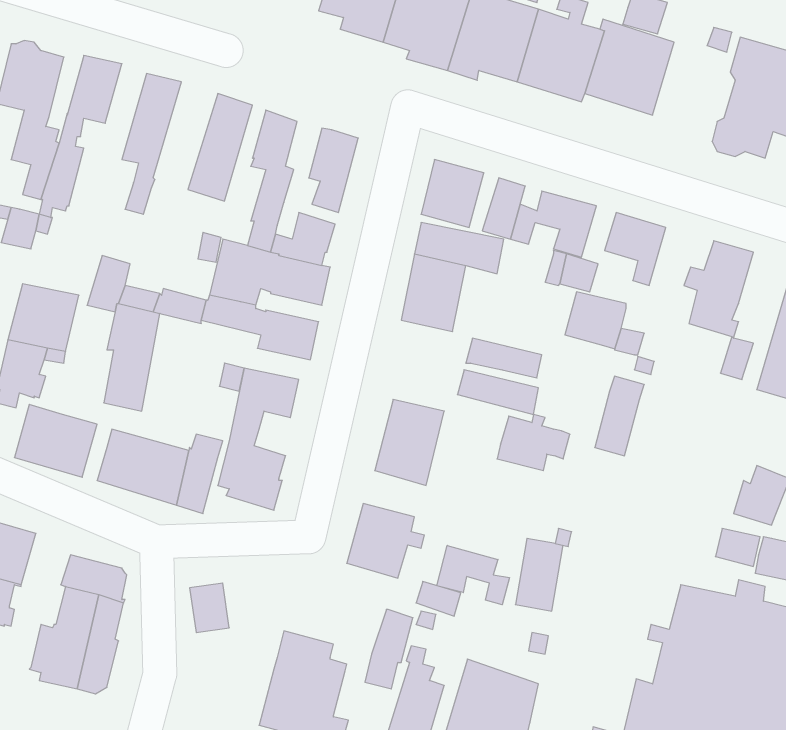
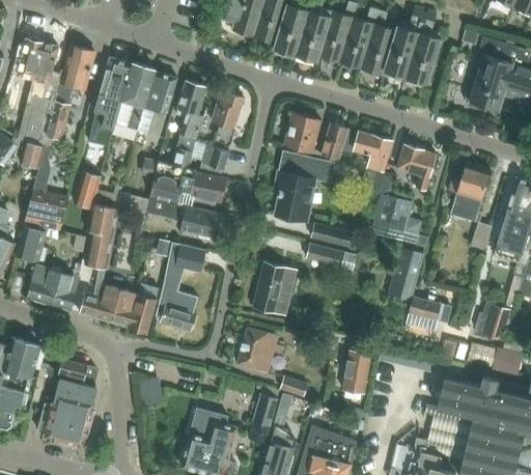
building: none -> [114,63,155,131]
building: [497,414,570,471] -> [404,296,450,331]
building: [437,545,509,605] -> none

